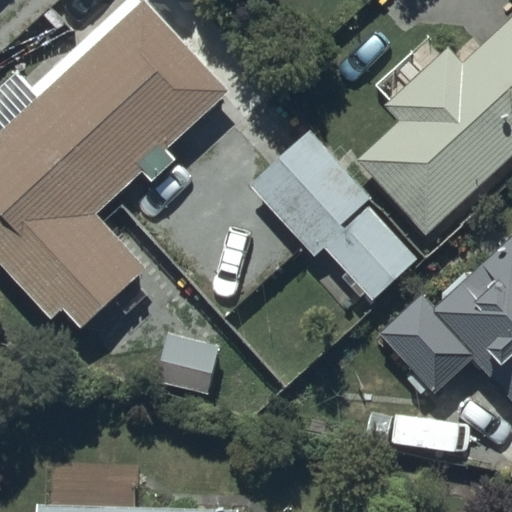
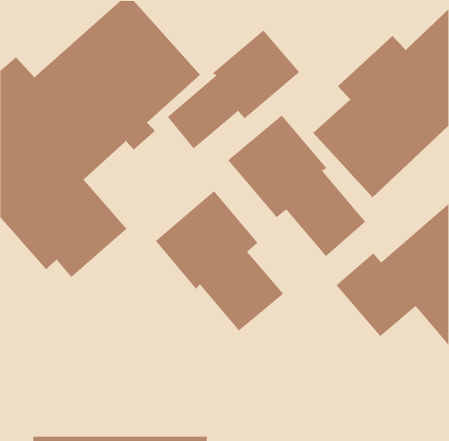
building: none -> [167,30,300,150]
building: none -> [155,190,284,331]

